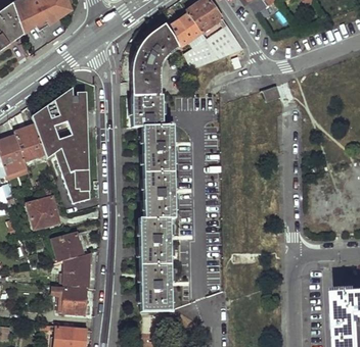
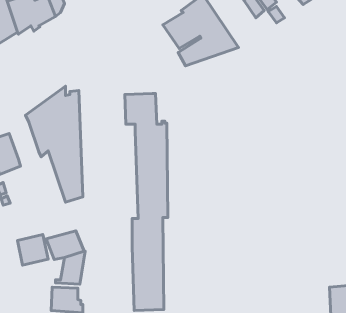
building: [130,23,178,95] -> none
building: [13,122,44,159] -> none
building: [27,196,57,227] -> [17,234,48,265]

